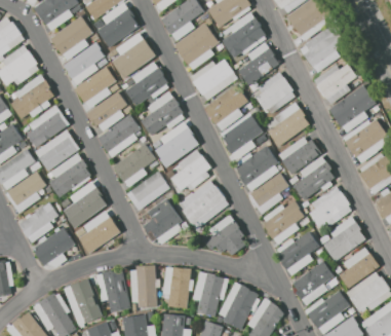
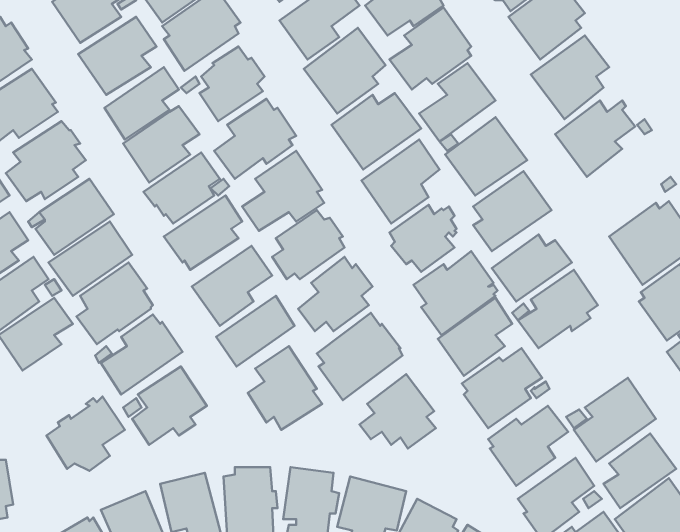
building: [328,84,375,132] -> none
building: [308,185,353,227] -> none
building: [18,202,58,242] -> none

